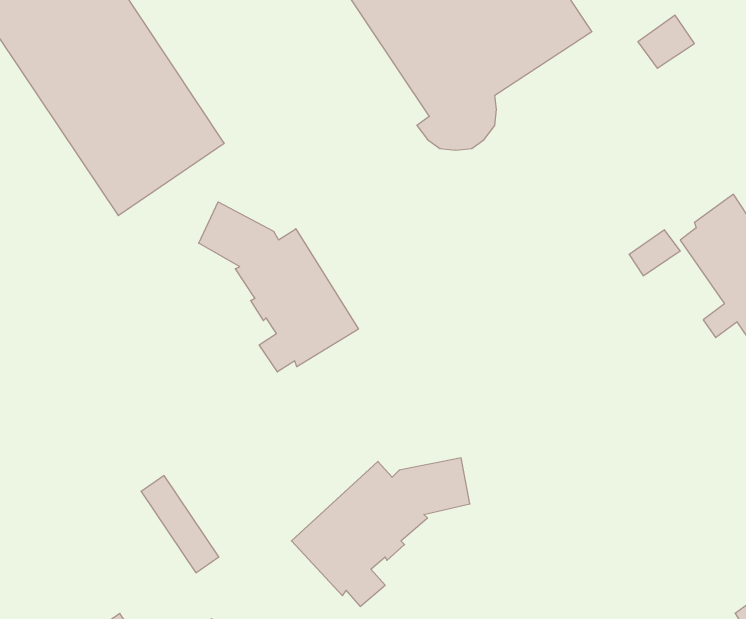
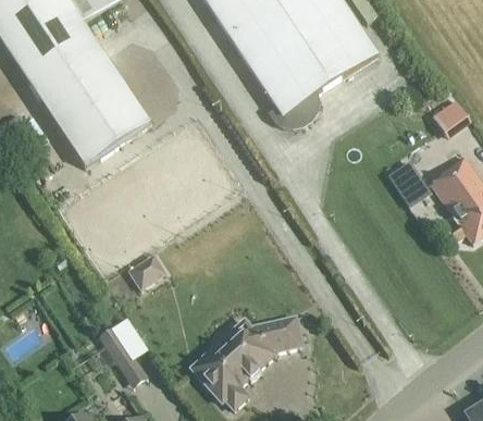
building: [638,15,694,68] -> [432,99,467,132]
building: [199,202,358,372] -> none
building: none -> [128,252,168,288]

